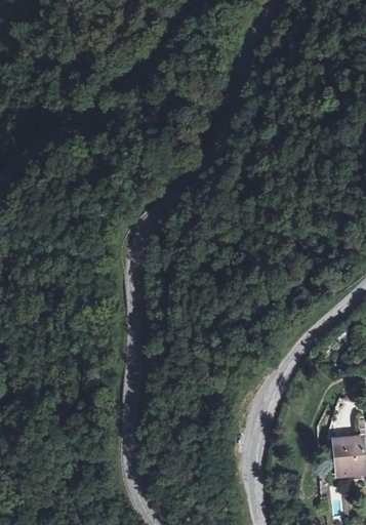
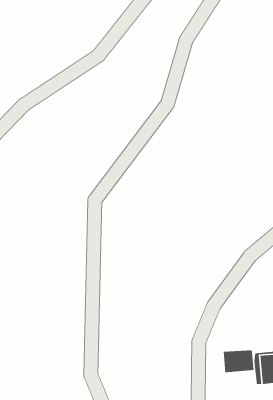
building: none -> [223,349,255,373]

